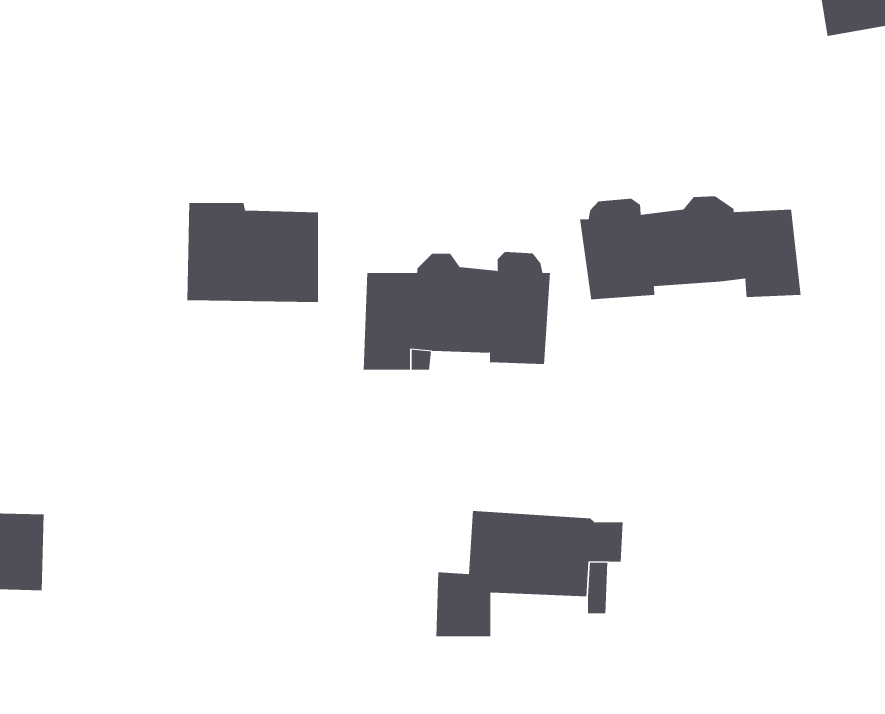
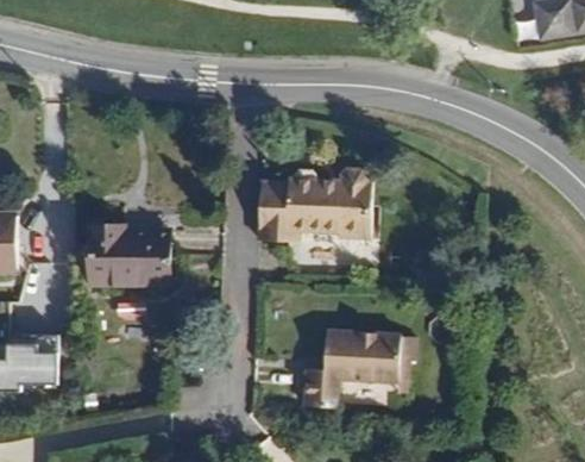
building: [579,195,801,300] -> none
building: [187,203,319,302] -> [87,225,169,287]

